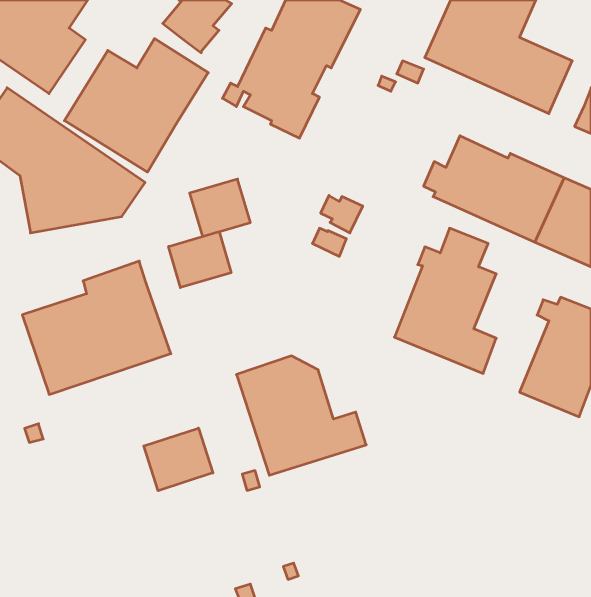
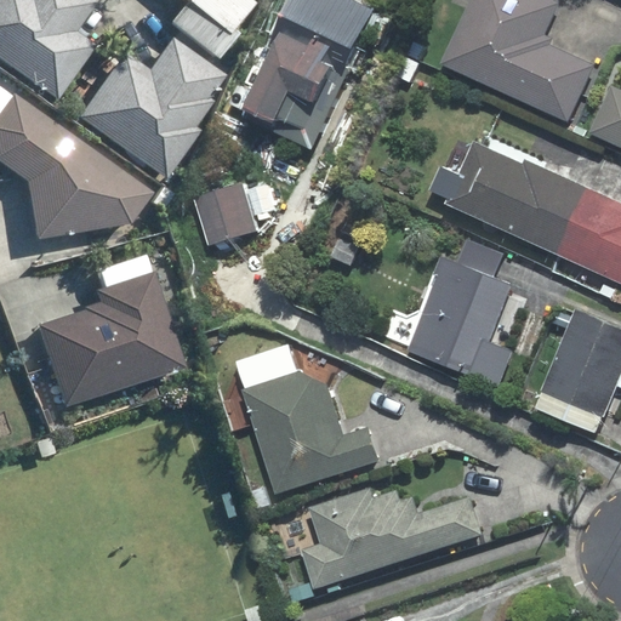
building: [169,232,231,288] -> none
building: [144,428,213,491] -> none
building: none -> [304,489,485,589]

